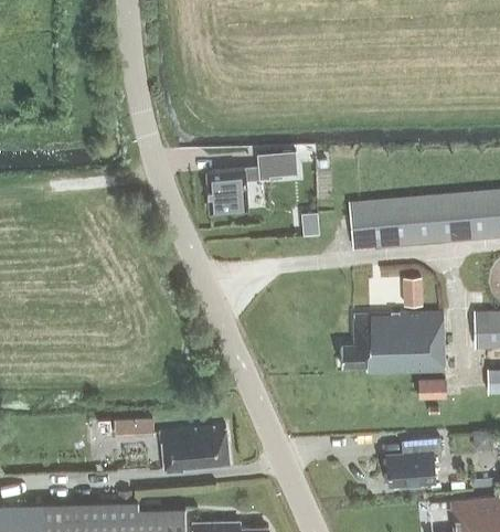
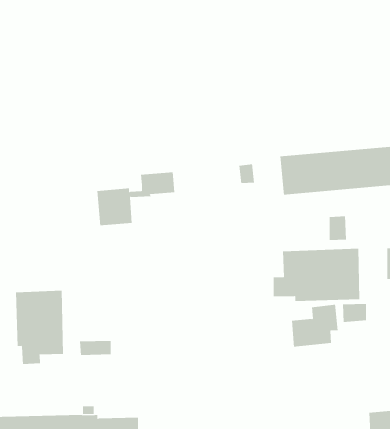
building: [205,151,297,214] -> [97,172,175,226]
building: none -> [16,290,63,365]
building: [159,426,227,472] -> none
building: [386,437,442,487] -> [291,304,339,347]

